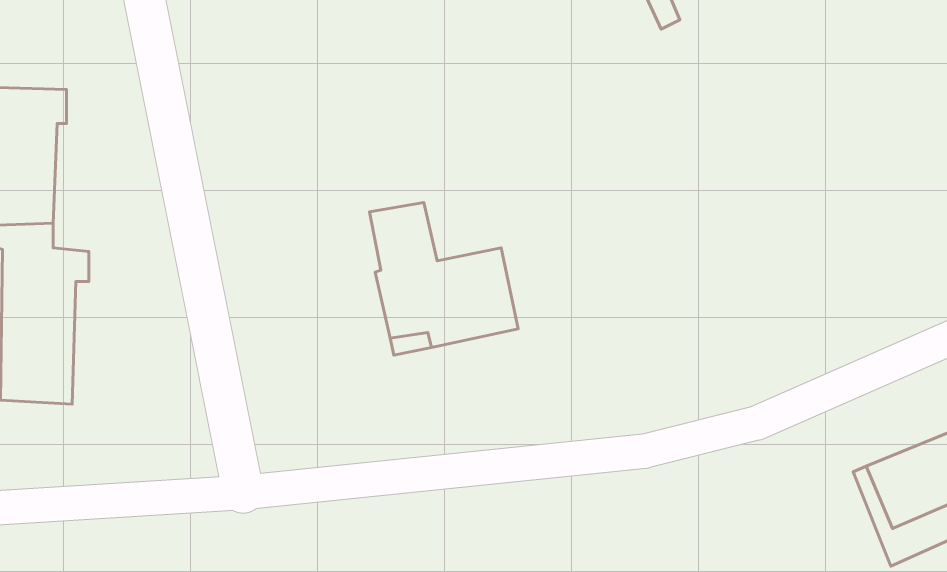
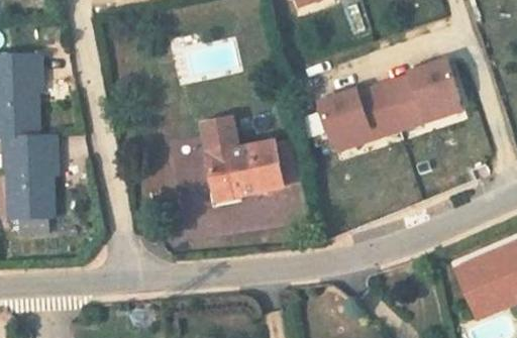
building: none -> [318,58,470,150]

